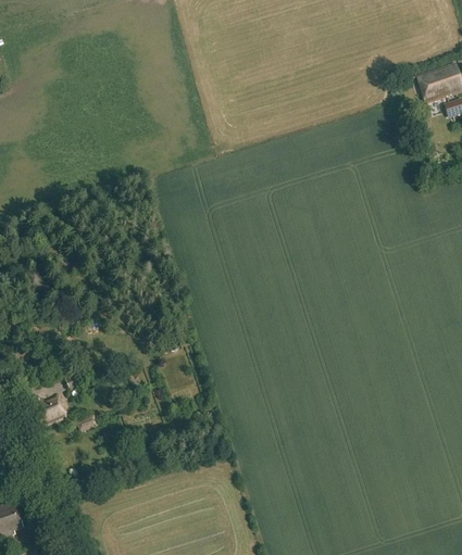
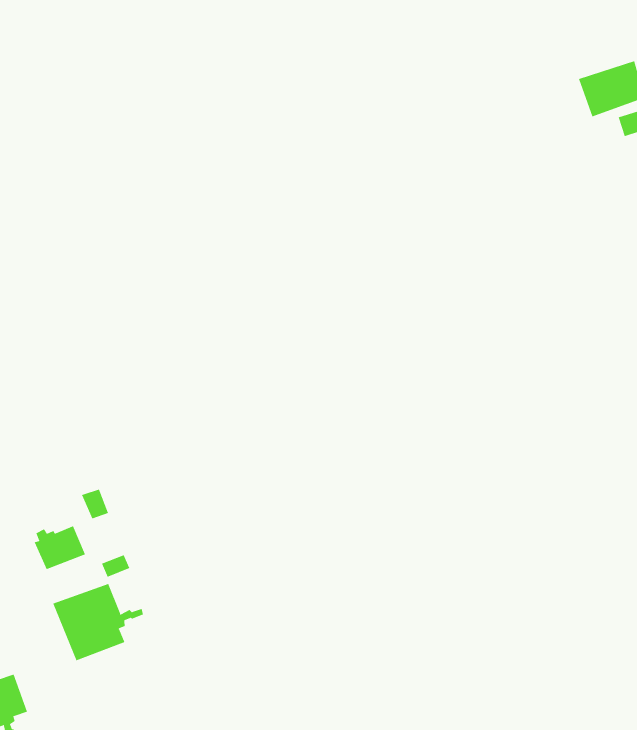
building: none -> [53,583,143,661]

